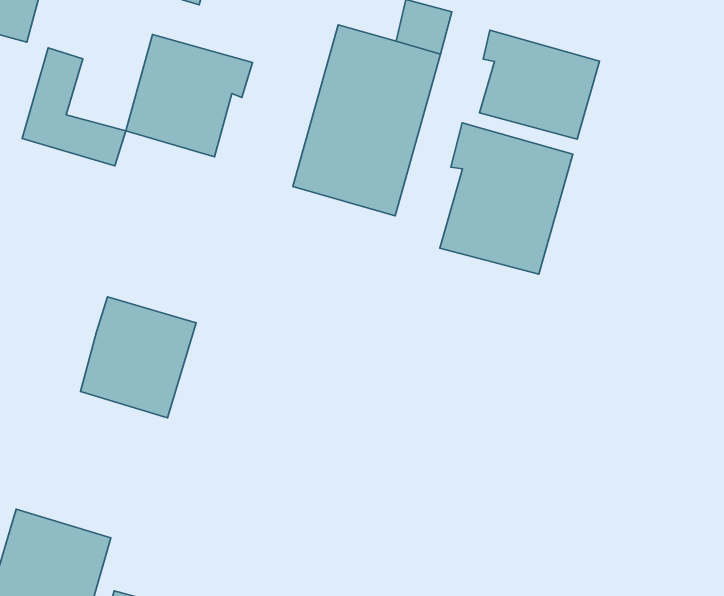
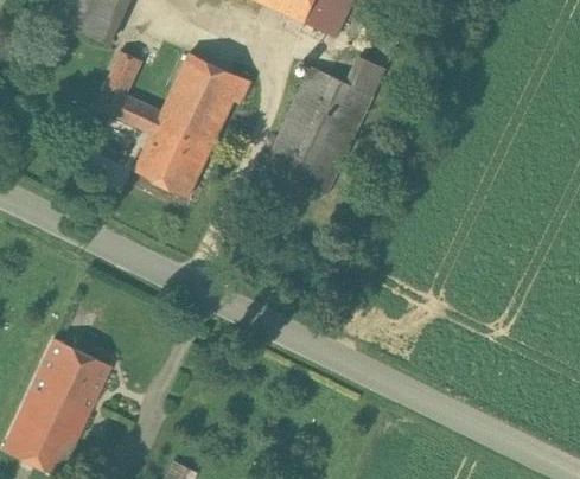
building: [480,30,599,139] -> none
building: [440,123,573,274] -> none
building: [81,297,196,418] -> [135,110,217,194]

